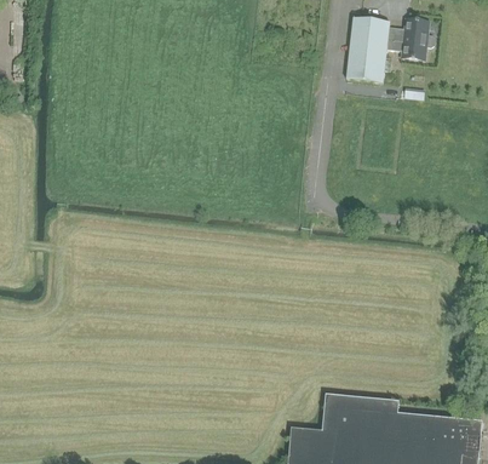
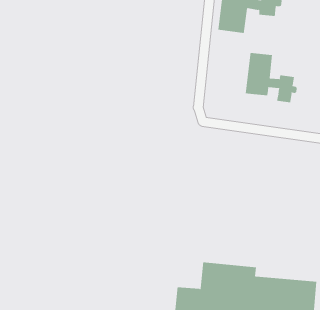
building: none -> [245,52,297,103]

